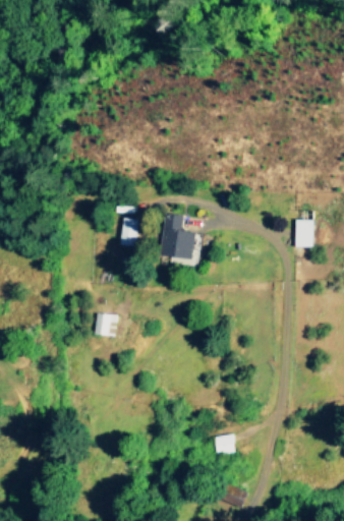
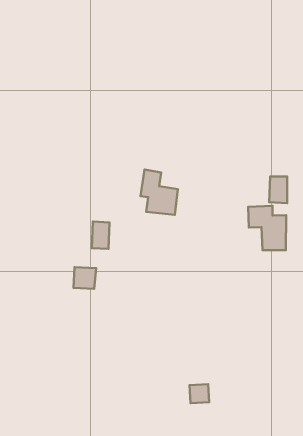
building: [119,218,137,246] -> [92,221,109,249]
building: none -> [248,206,286,250]

